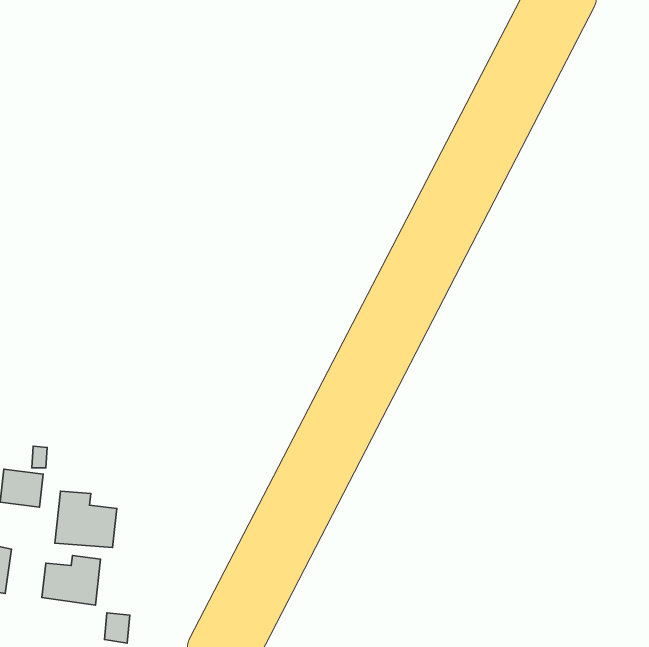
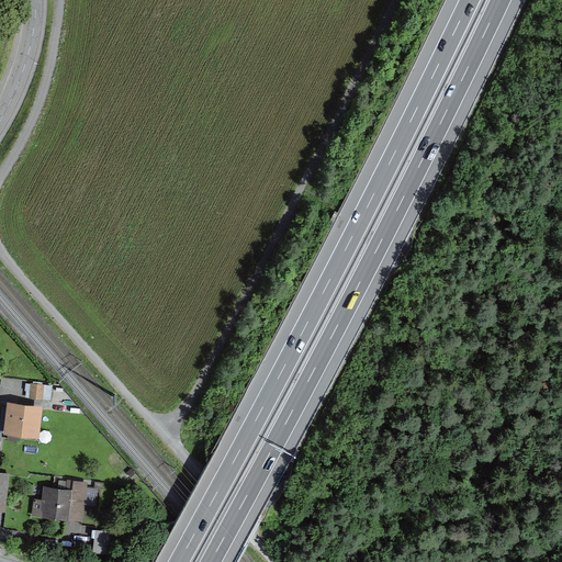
building: [55,491,117,548] -> none

